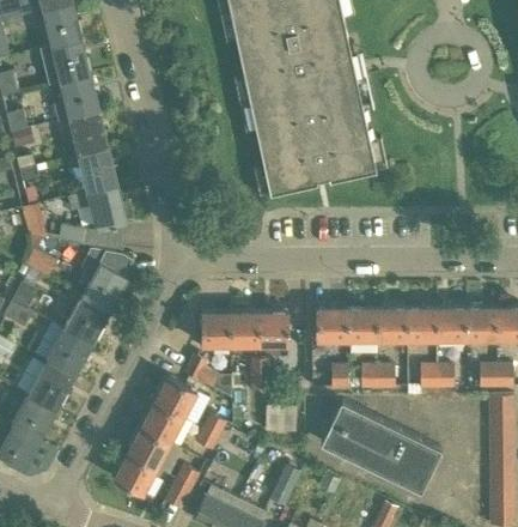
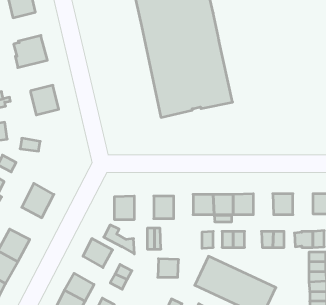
building: [49,38,91,81] -> none
building: [56,110,109,156] -> none
building: [67,183,133,230] -> none
building: [80,249,130,310] -> none
building: [407,309,437,340] -> none
building: [465,309,495,340] -> none
building: [230,313,258,347] -> none
building: [44,329,92,377] -> none
building: [140,402,183,444] -> none

